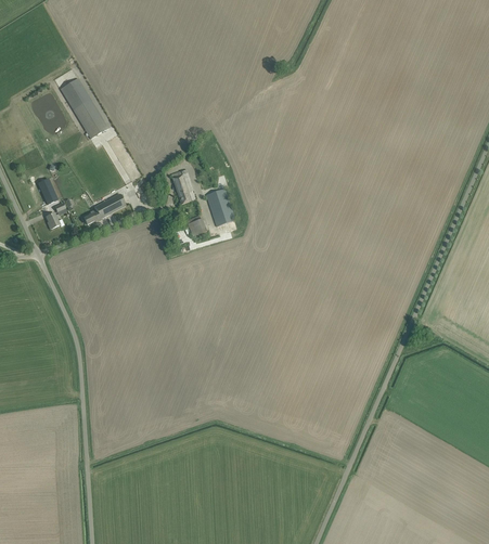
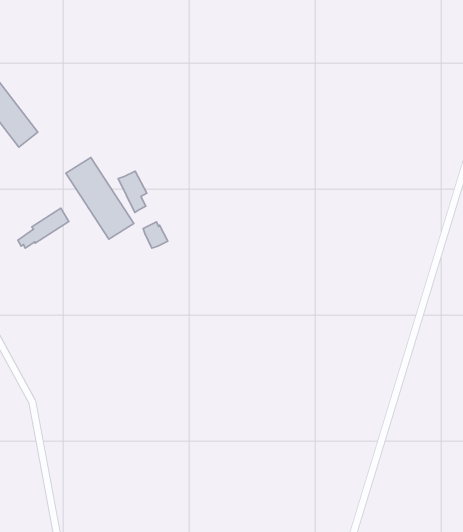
building: none -> [66,157,134,239]
building: [205,189,233,226] -> none

